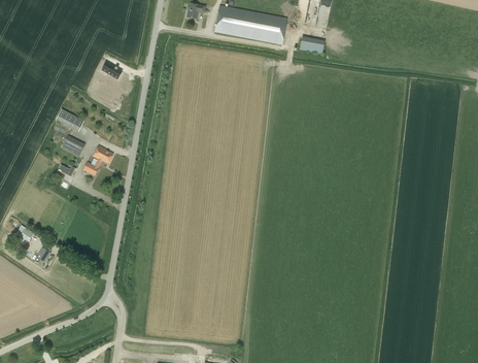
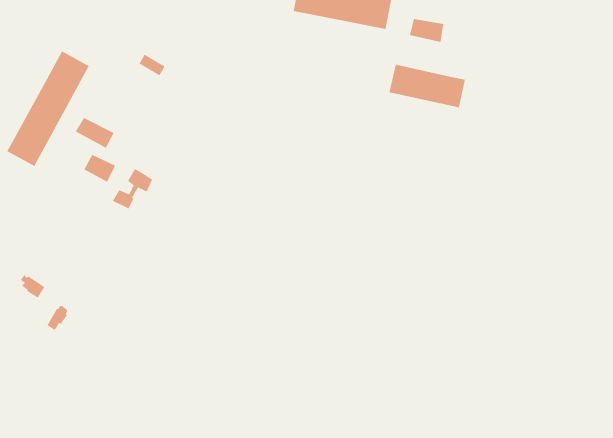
building: none -> [7,50,89,167]
building: none -> [389,64,466,108]

